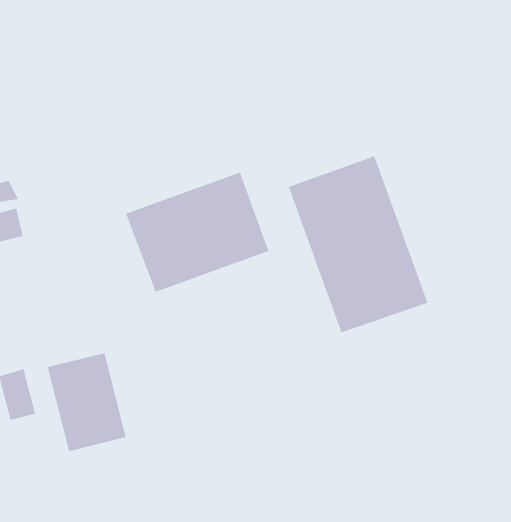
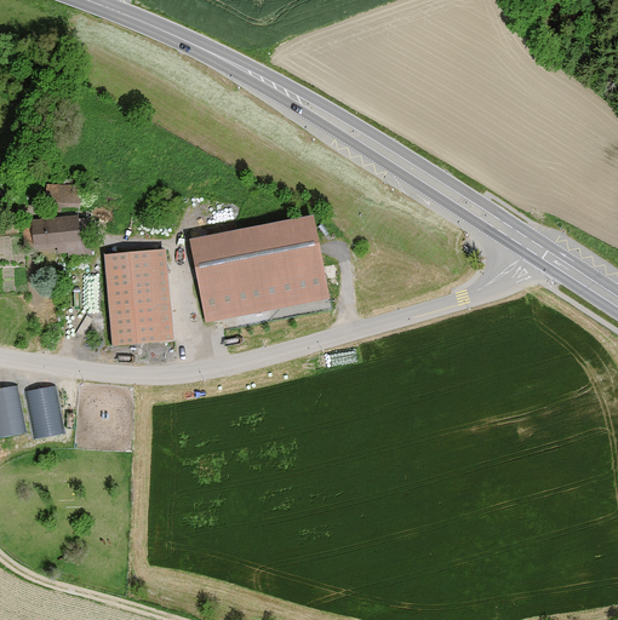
building: [288,155,428,333] -> none
building: [47,353,126,452] -> [102,251,172,346]

